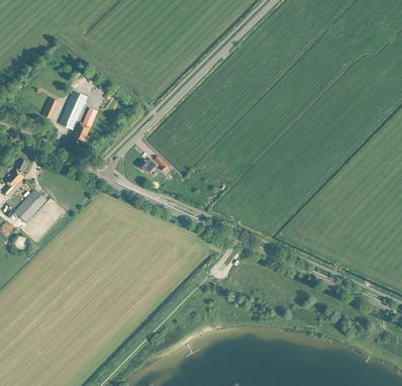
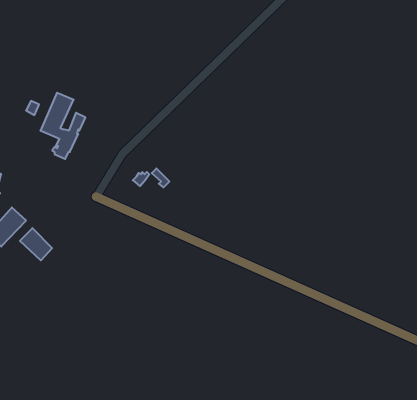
building: none -> [20,228,52,260]

